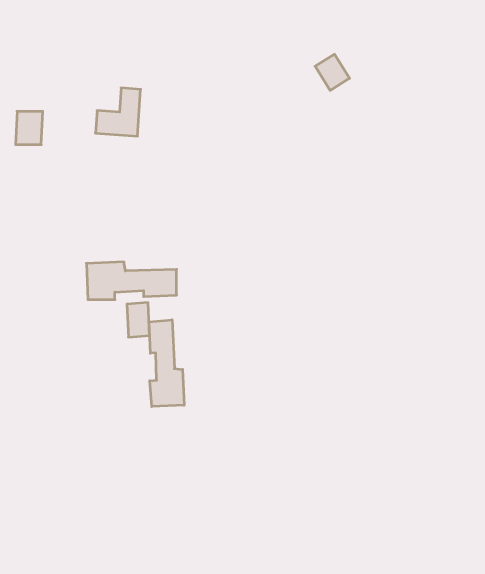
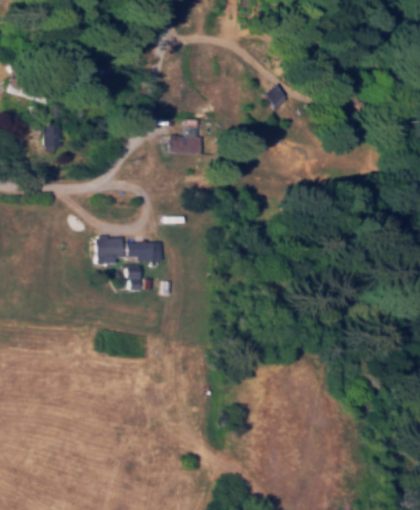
building: [95,88,141,136] -> [166,119,200,154]
building: [149,320,184,407] -> none

